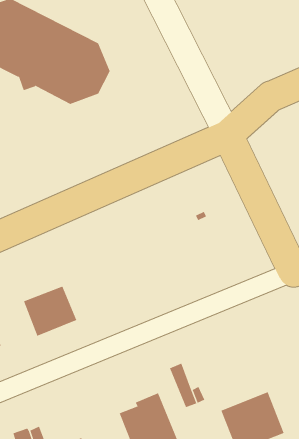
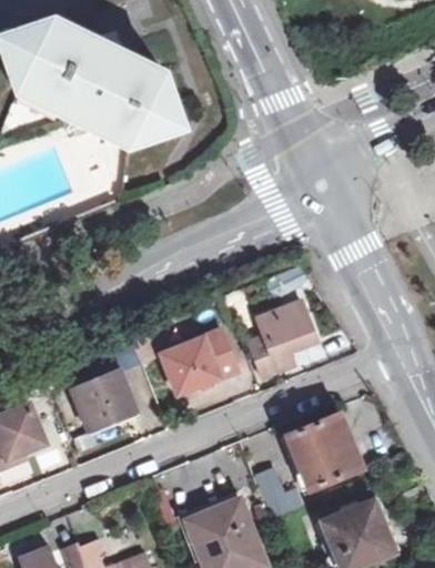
building: none -> [243,304,313,377]
building: none -> [162,329,239,394]
building: none -> [287,415,361,489]

